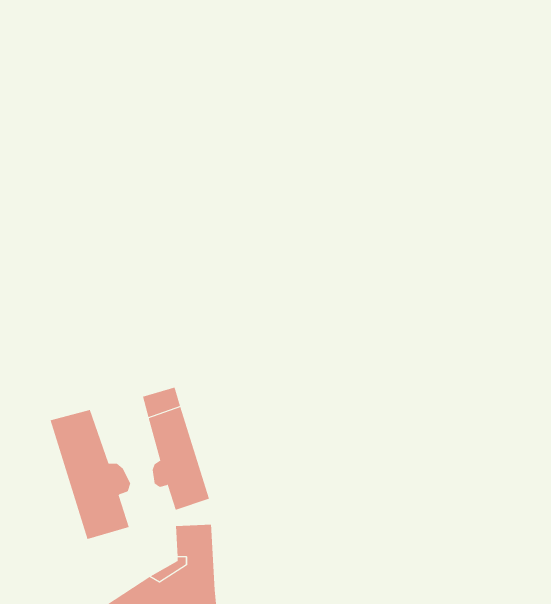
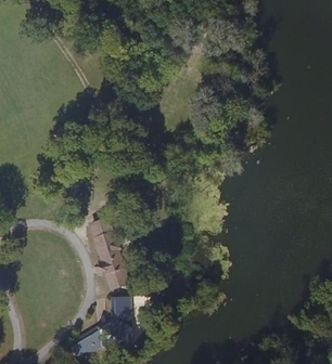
building: [50,409,131,540] -> none

